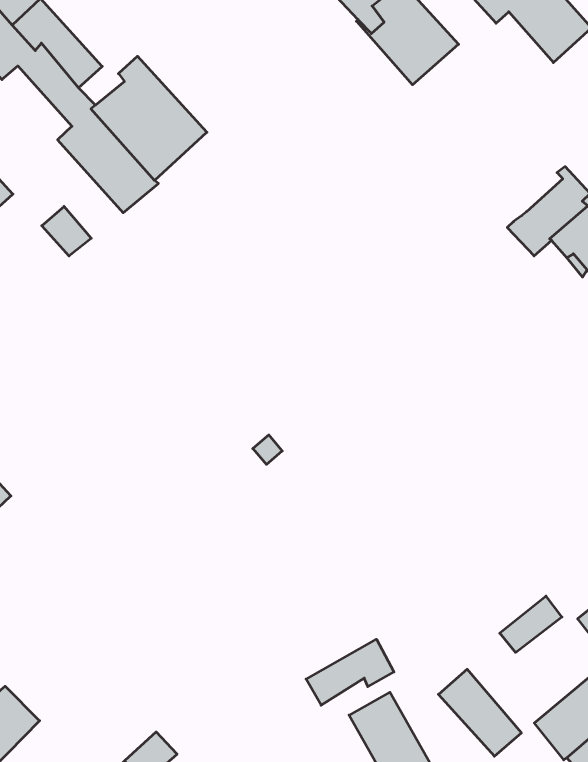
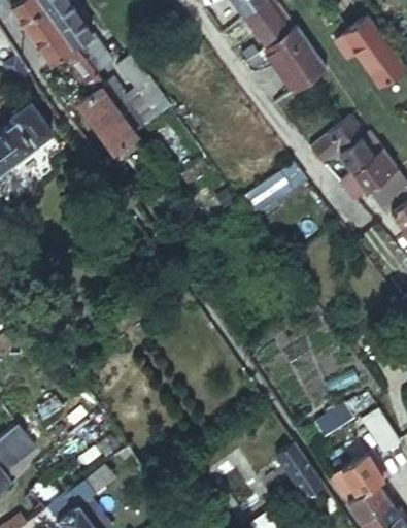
building: none -> [311,118,381,174]
building: none -> [244,161,308,210]
building: [306,639,394,705] -> none

